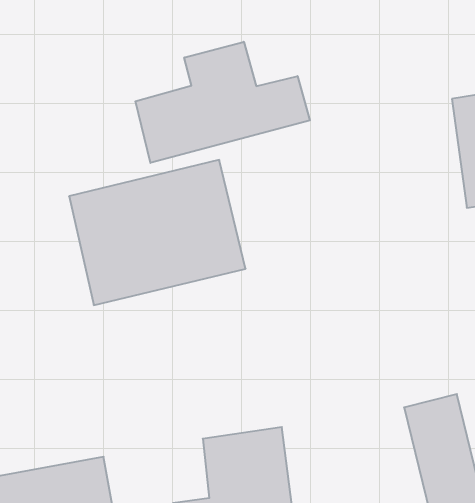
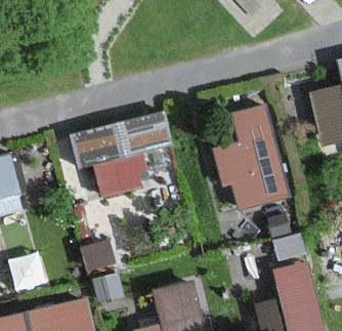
building: [135,42,310,163] -> none
building: none -> [215,104,293,215]

